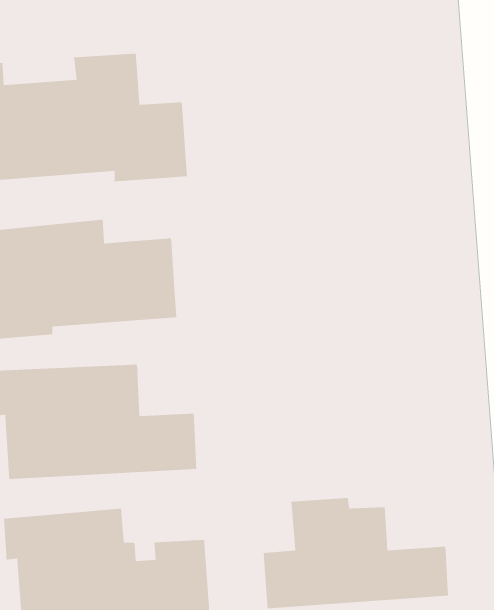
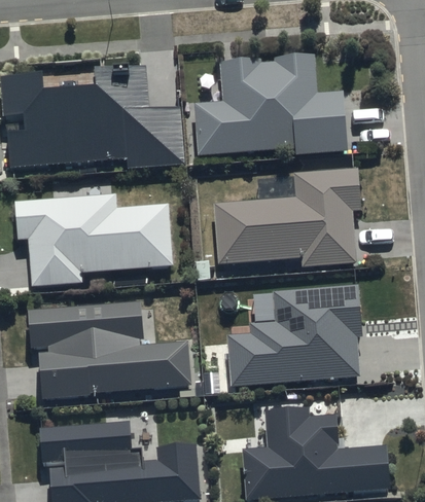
building: none -> [194,56,348,158]
building: none -> [213,170,362,266]
building: none -> [226,281,359,382]

